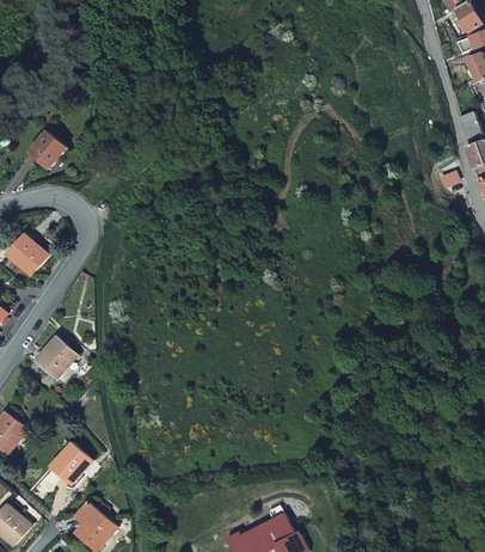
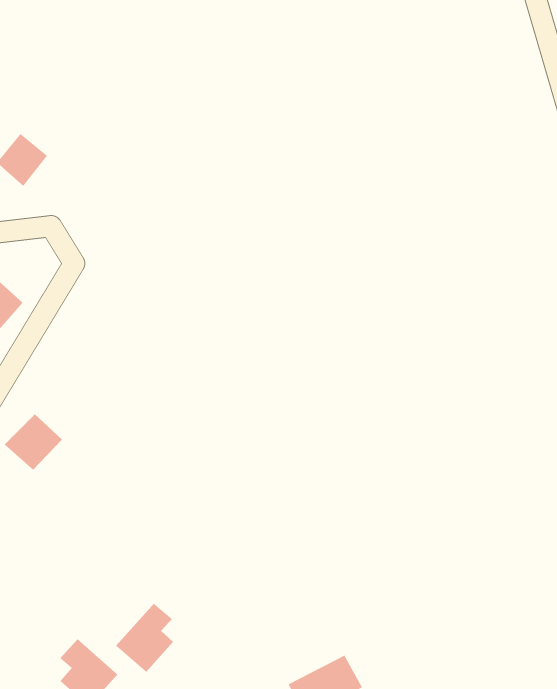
building: [49,441,92,484] -> none
building: none -> [115,603,174,673]

